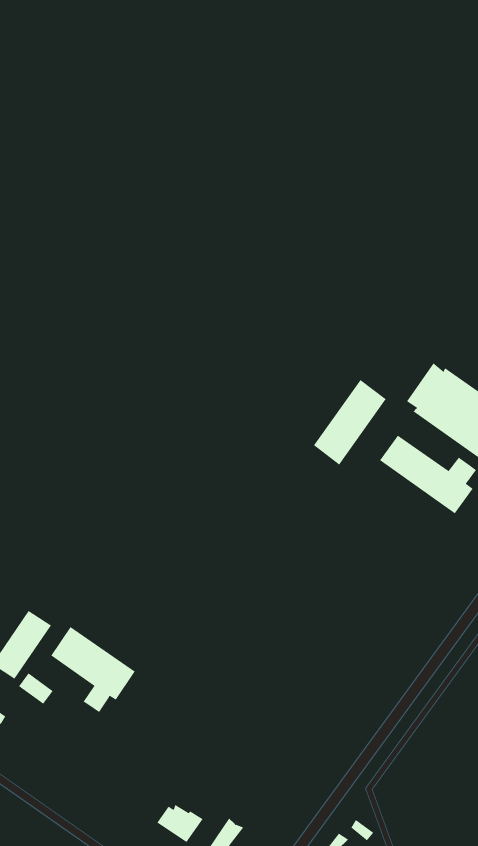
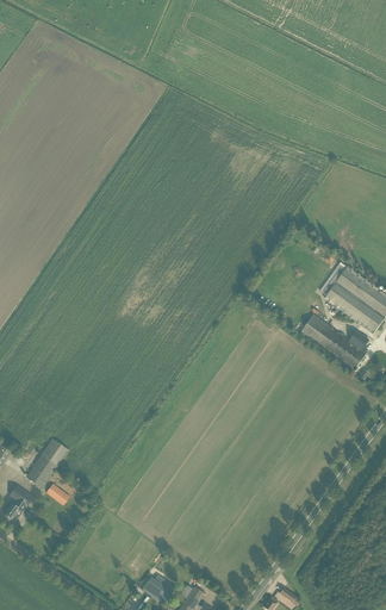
building: [313,379,387,466] -> none
building: [51,626,136,713] -> none

